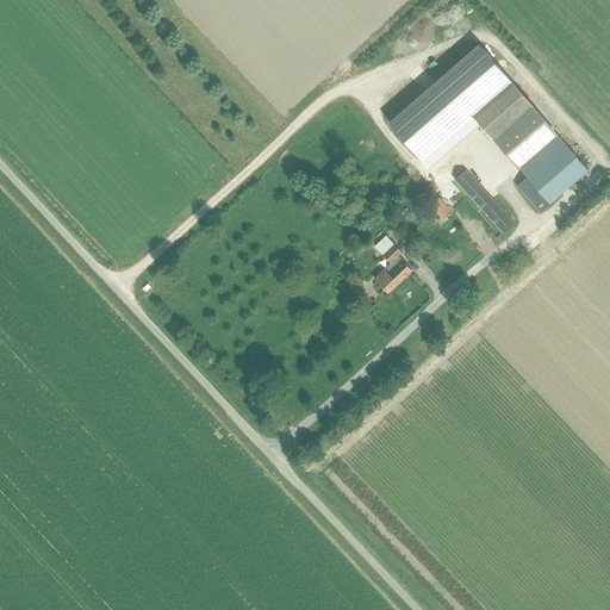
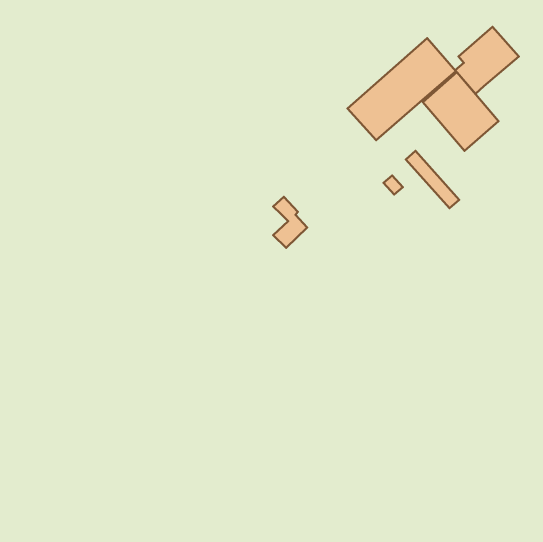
building: [517,137,589,212] -> [455,27,519,94]
building: [374,237,412,294] -> [273,197,307,248]

